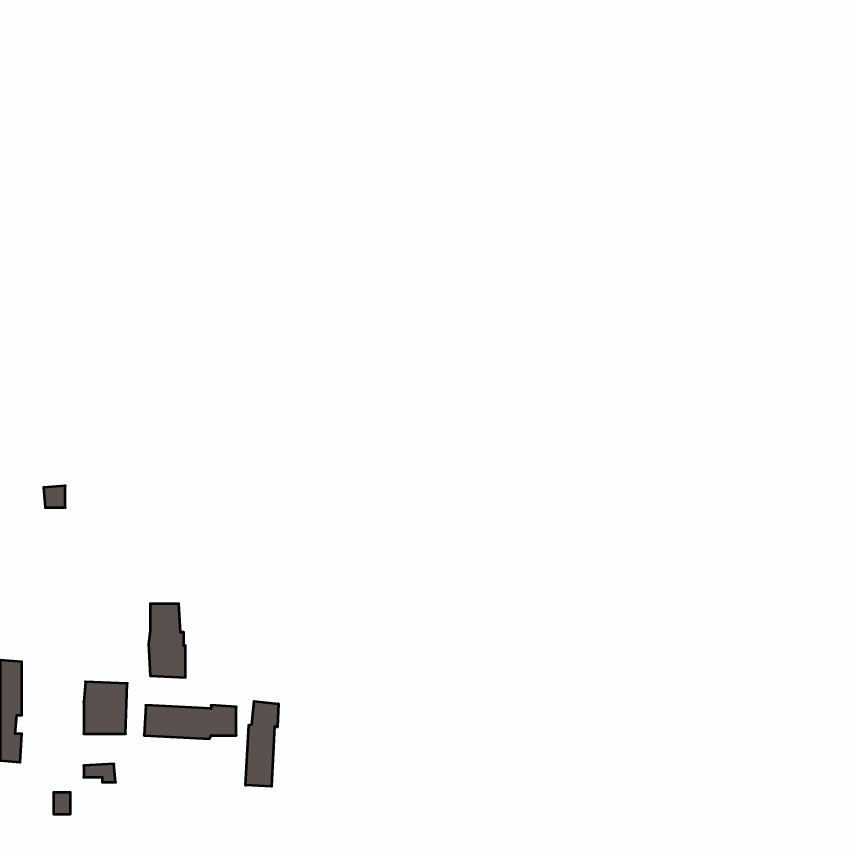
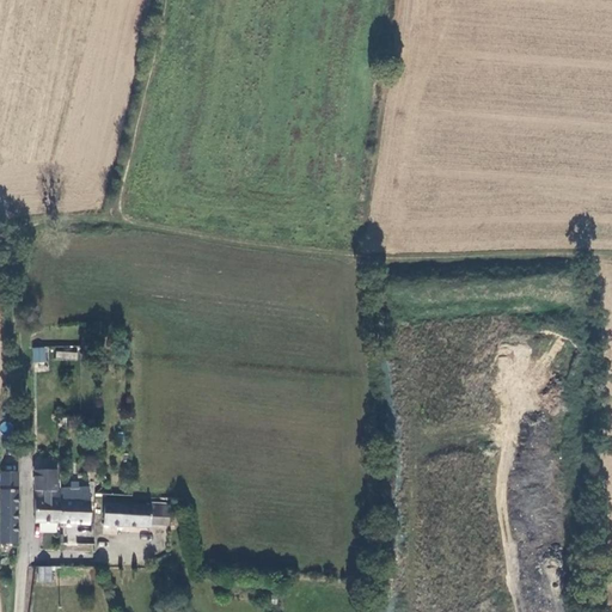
building: [149,604,185,677] -> [33,471,60,524]
building: [246,701,278,786] -> none

